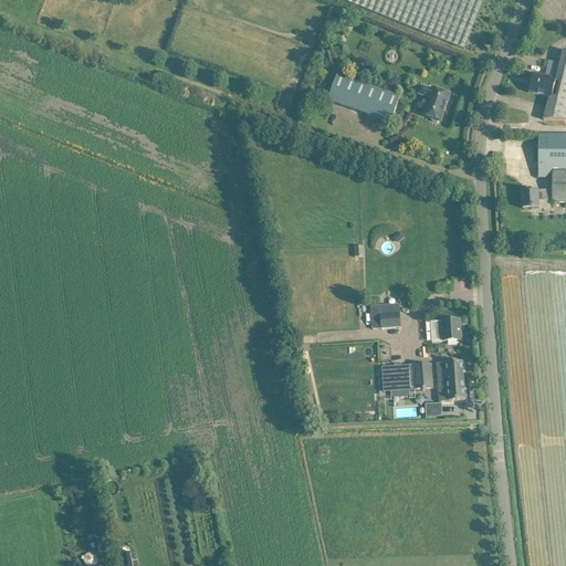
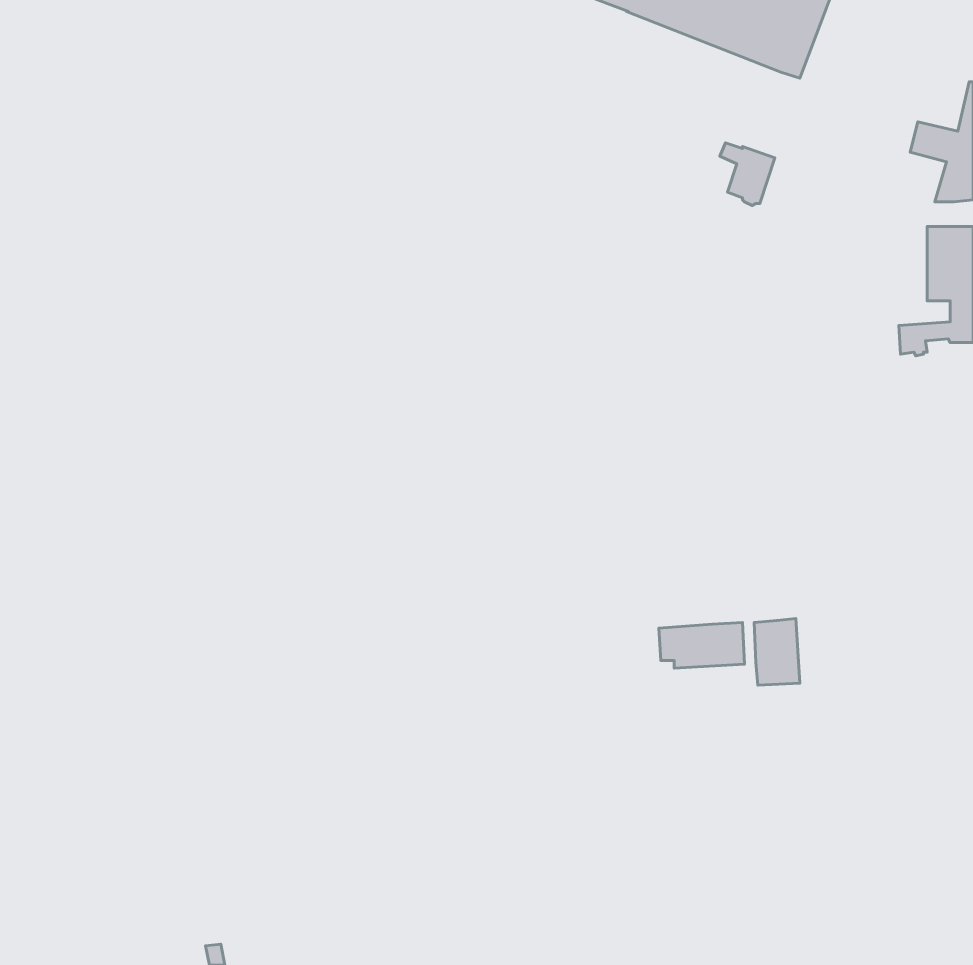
building: [328,72,400,119] -> none
building: [370,302,400,326] -> none
building: [430,317,461,338] -> none

